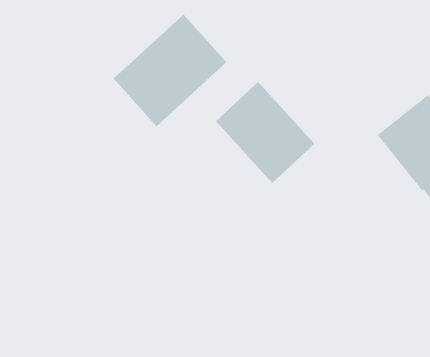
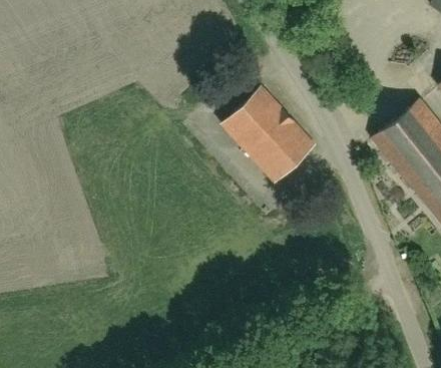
building: [113,14,227,127] -> none

